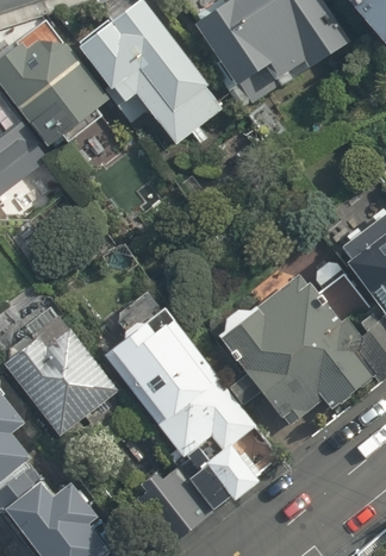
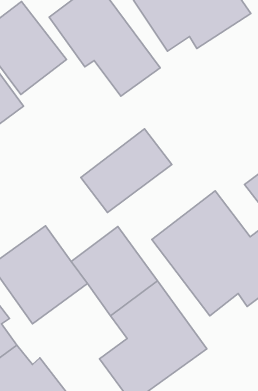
building: none -> [81,129,172,213]

